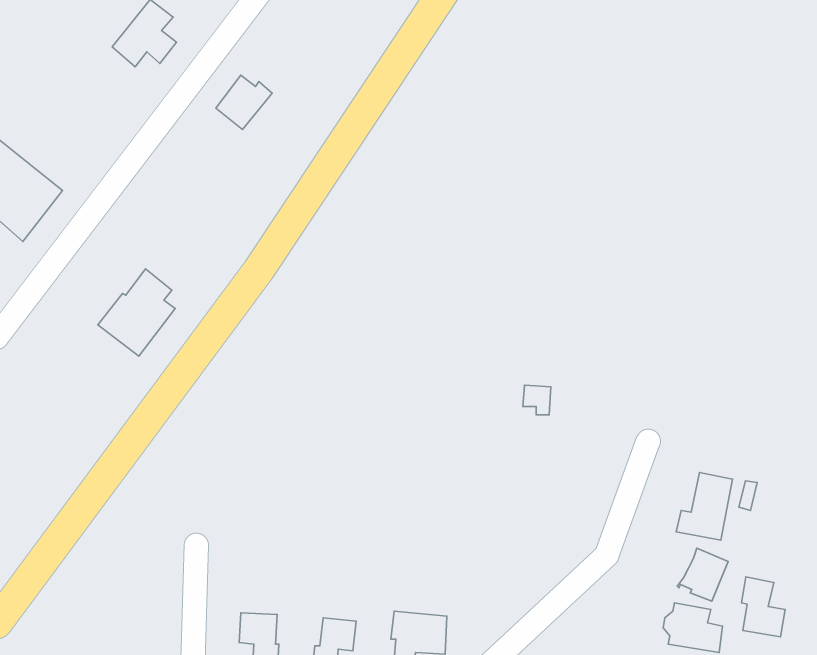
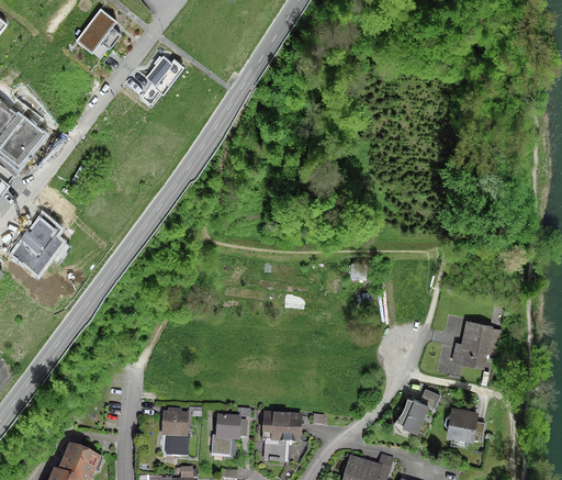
building: [98,269,175,356] -> [11,213,63,271]
building: [677,548,728,601] -> [393,394,427,429]
building: [742,577,785,637] -> none

